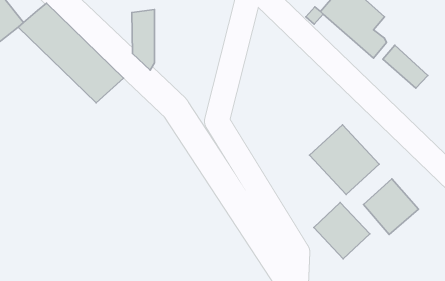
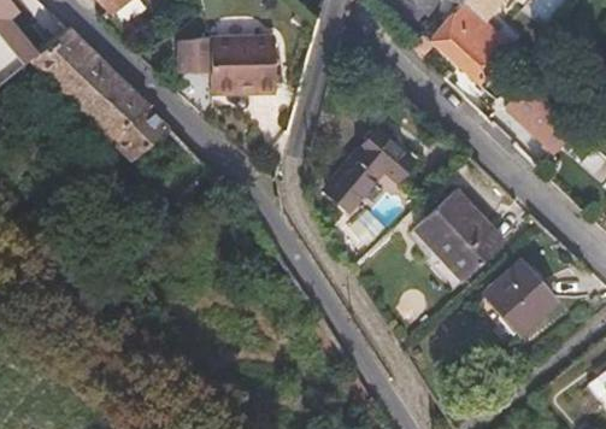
building: none -> [210,35,276,89]
building: none -> [324,128,413,208]
building: [314,202,370,259] -> none

